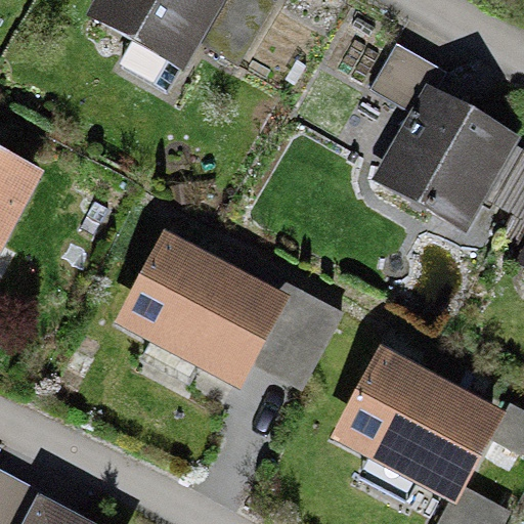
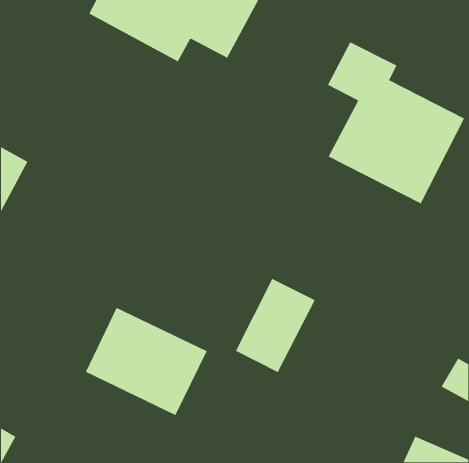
building: [136,255,273,377] -> [85,307,208,416]
building: [353,362,489,488] -> none

